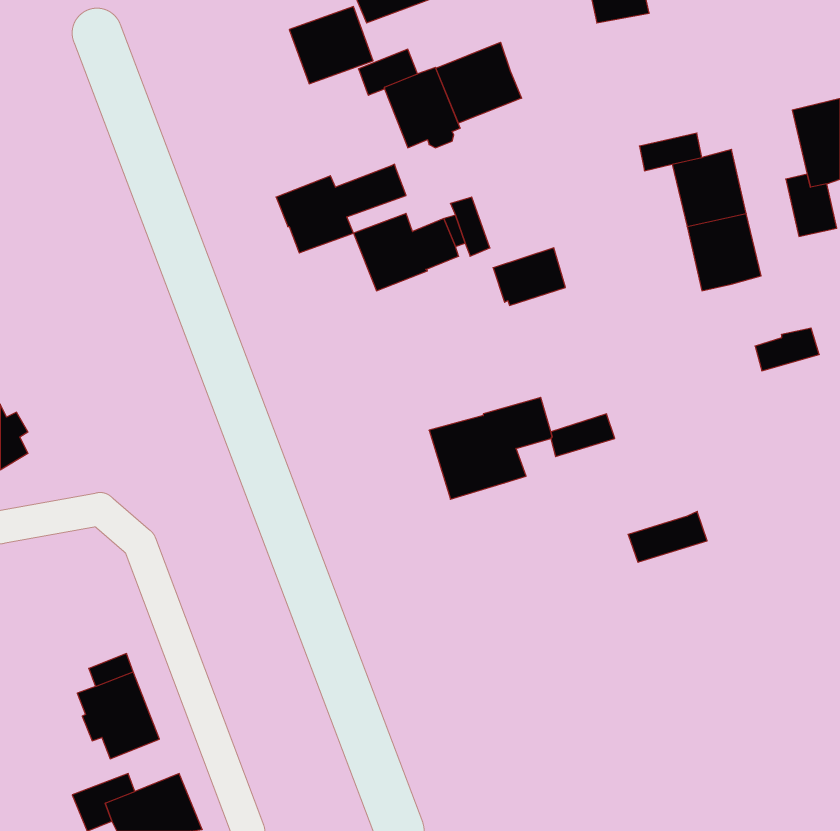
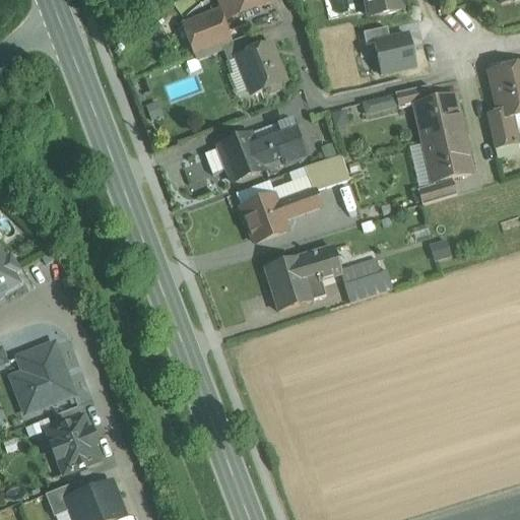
building: [436,42,522,123] -> none
building: none -> [375,31,416,71]
building: [276,164,406,253] -> [241,186,321,241]
building: [755,328,819,371] -> [417,176,457,202]
building: [628,511,707,562] -> [343,268,392,300]
building: none -> [15,342,73,411]

